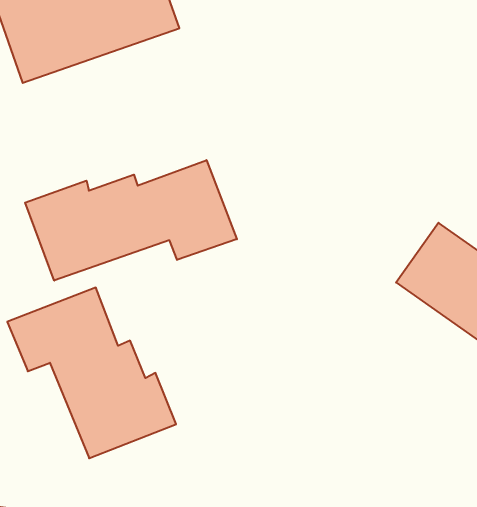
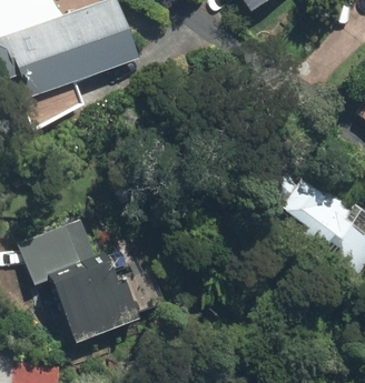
building: [25,160,237,281] -> none

